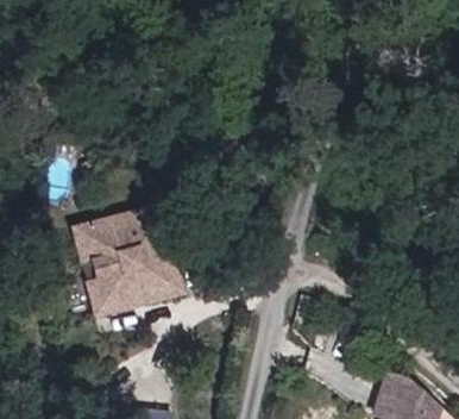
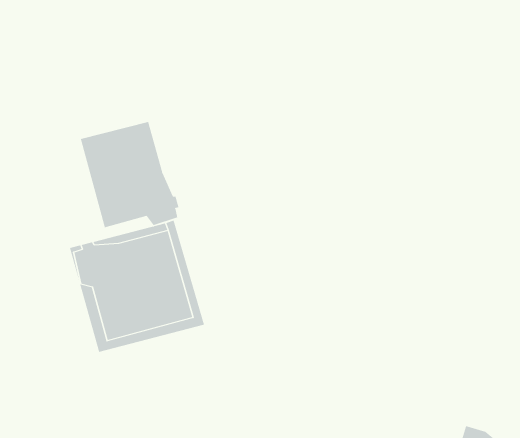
building: none -> [80,121,179,228]

